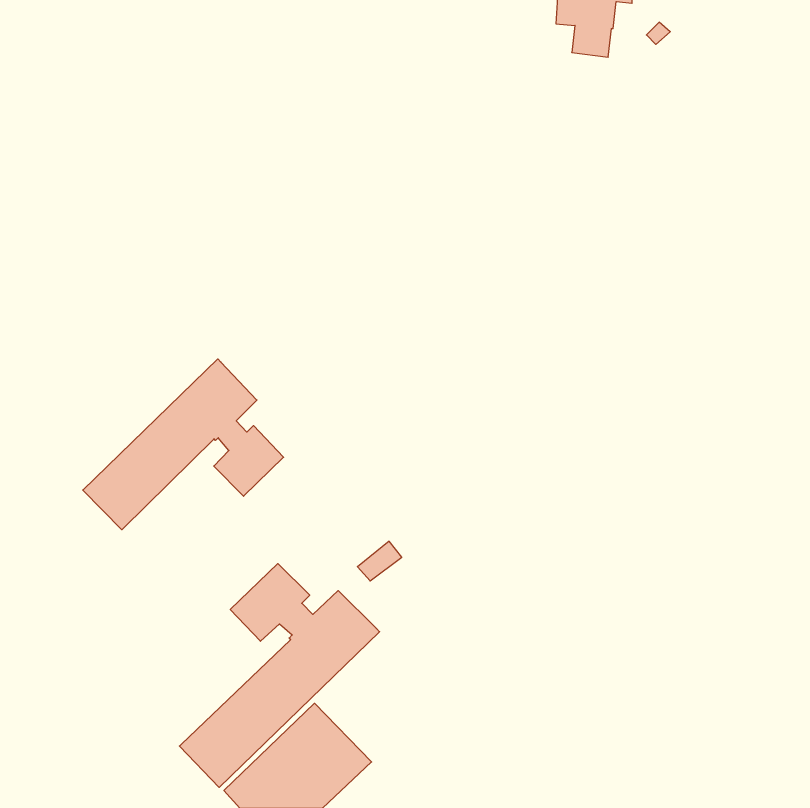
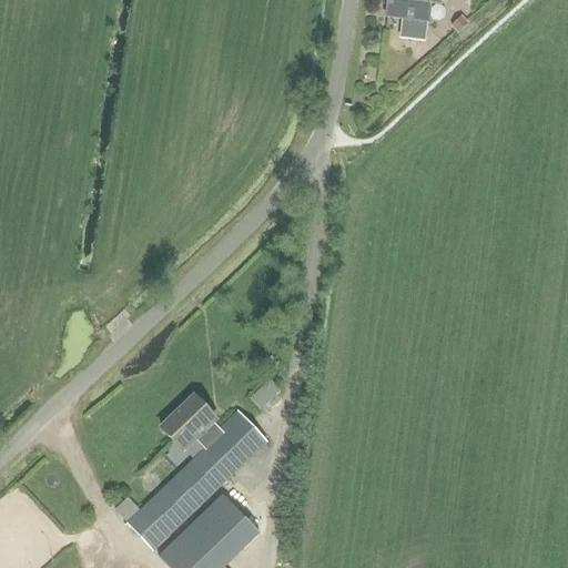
building: [83,359,284,530] -> none

